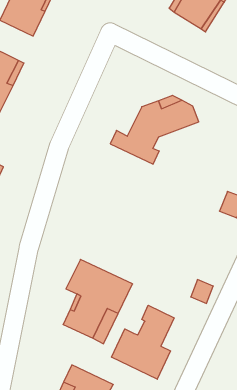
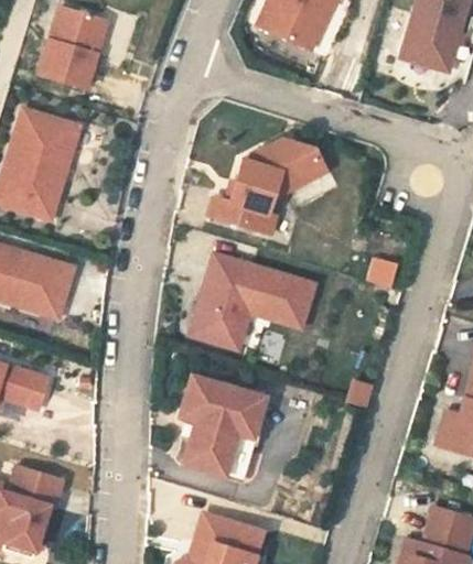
building: none -> [195,253,314,345]
building: [112,305,174,379] -> none

